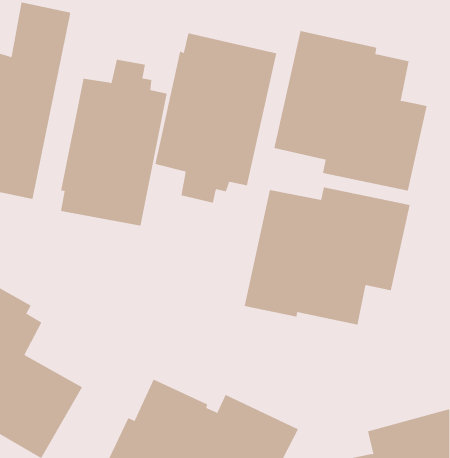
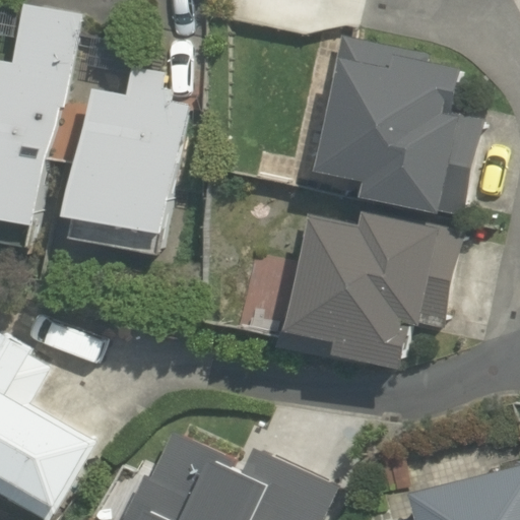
building: [155,33,277,203] -> none

